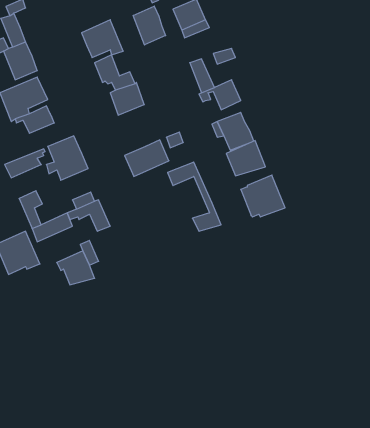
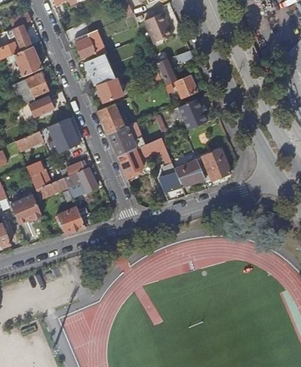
building: [133,6,166,45] -> none
building: none -> [98,103,124,133]
building: [226,141,265,176] -> [175,159,205,186]
building: none -> [118,146,149,179]

